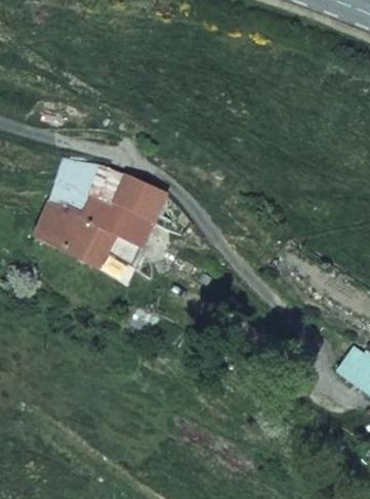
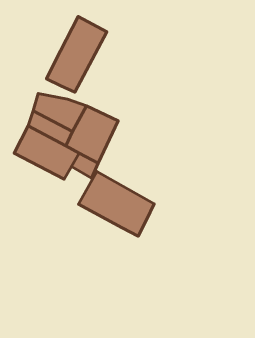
building: none -> [46,17,107,92]
building: none -> [78,172,154,236]

